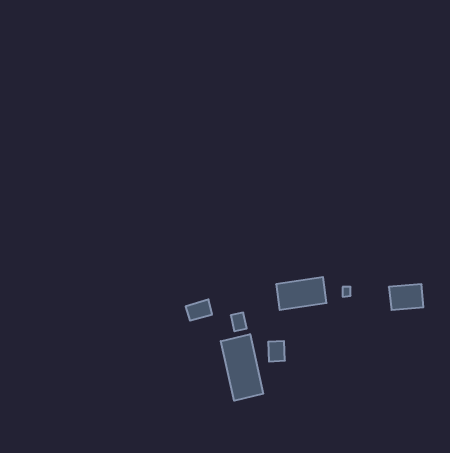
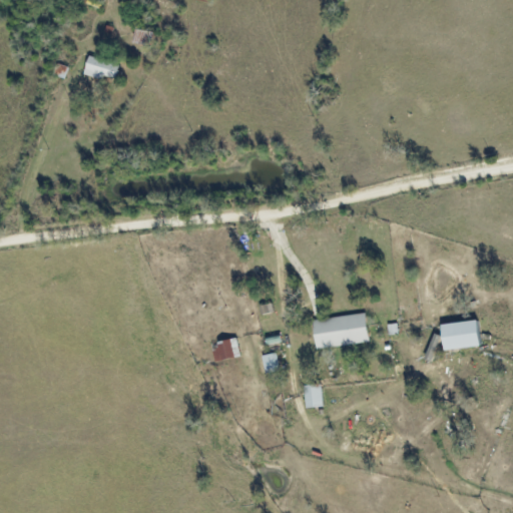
building: none -> [82,55,118,81]
building: [221,334,263,401] -> none

